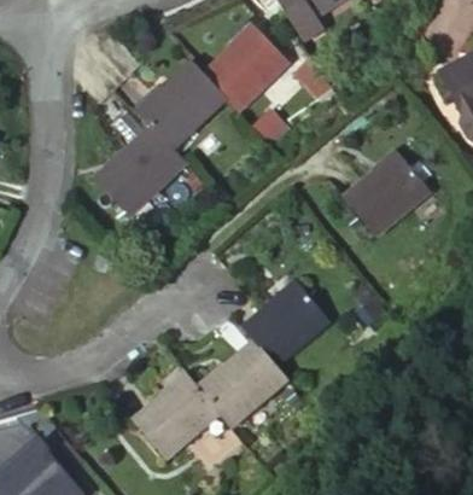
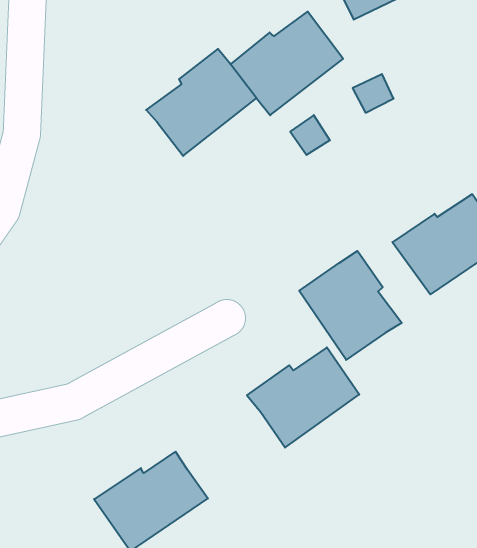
building: [98,123,186,211] -> none
building: none -> [299,251,402,360]
building: [203,339,287,424] -> none

